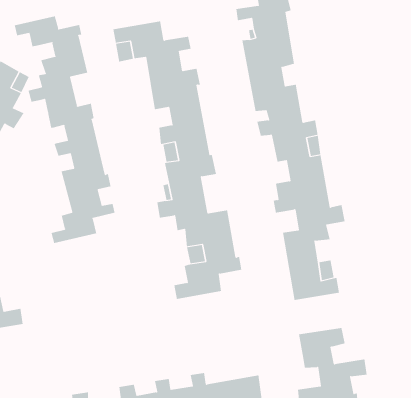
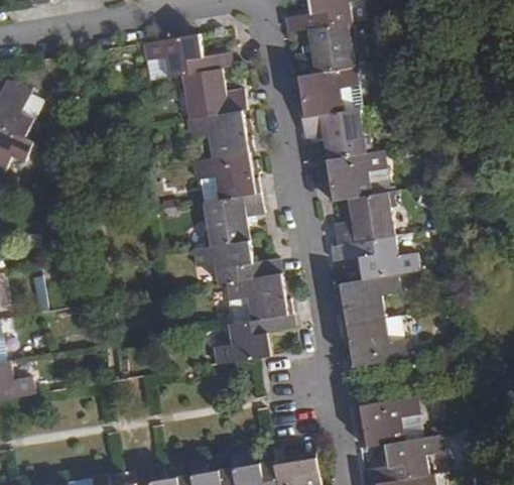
building: [14,16,115,244] -> none

